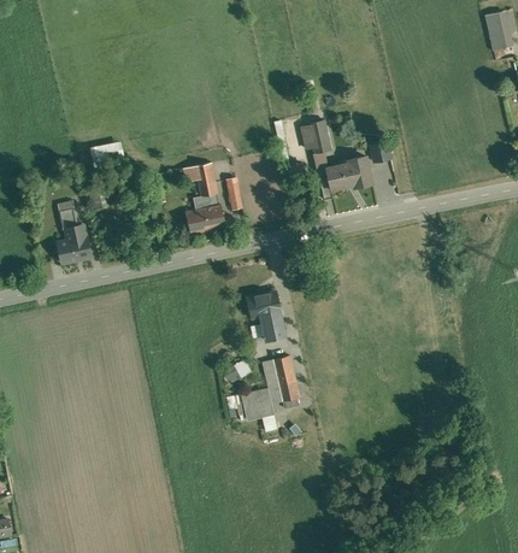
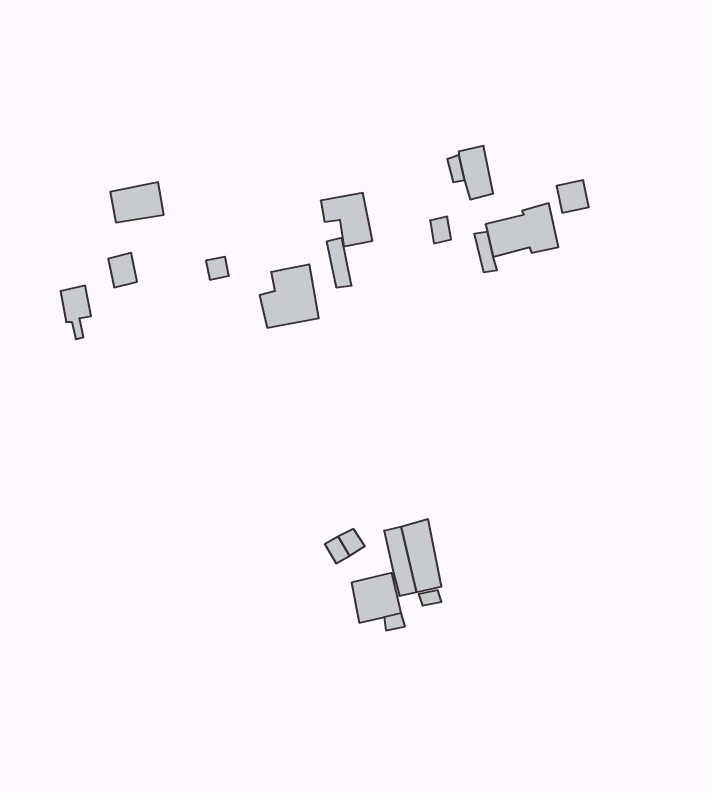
building: [183,164,216,198] -> [321,193,372,247]
building: [58,225,92,263] -> none
building: [247,292,286,340] -> none

